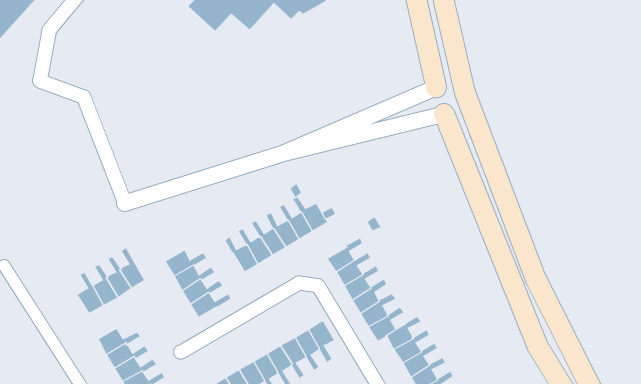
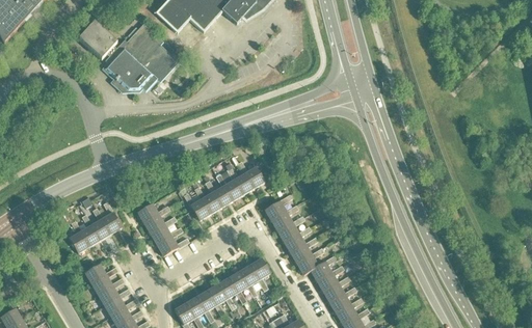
building: none -> [79,21,178,91]

